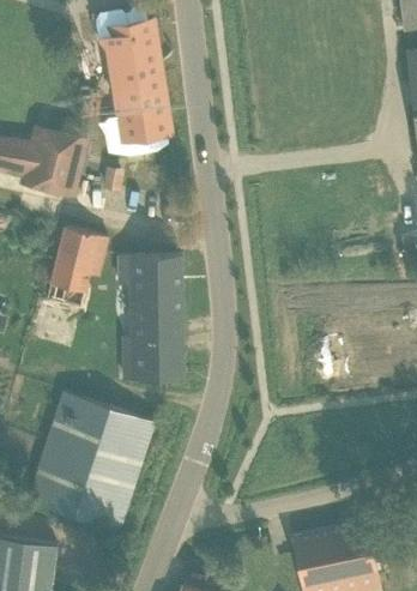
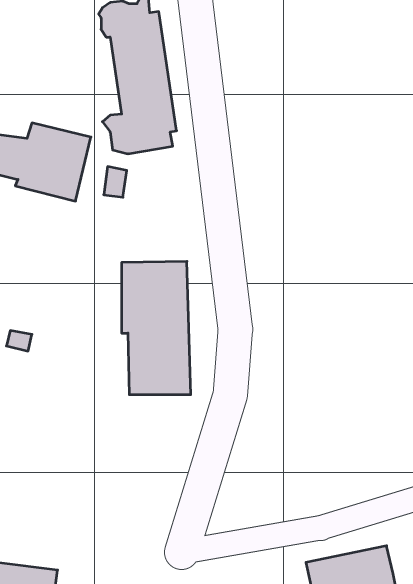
building: [44,225,109,307] -> none
building: [26,390,157,530] -> none

